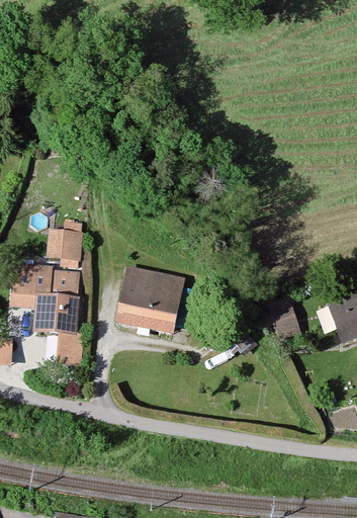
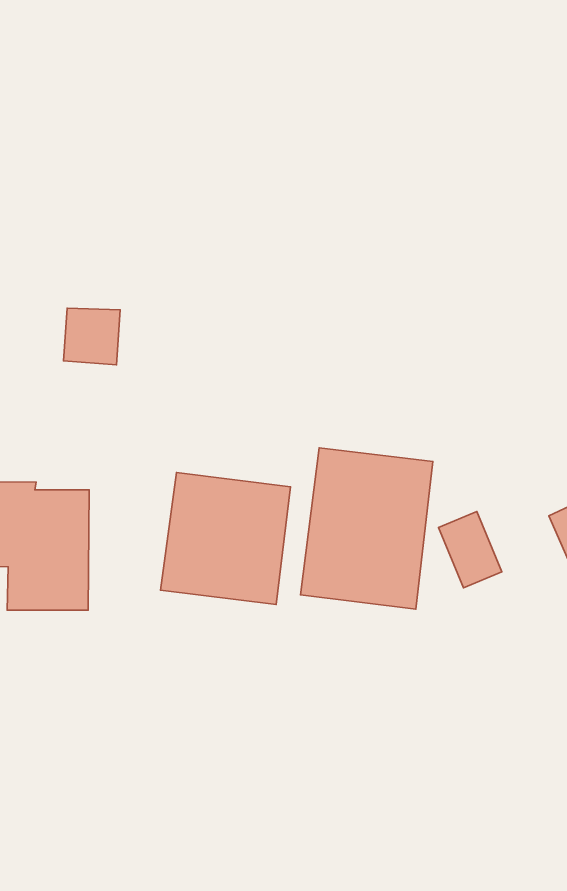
building: [53,228,85,260] -> [63,308,120,365]
building: none -> [300,448,433,609]

